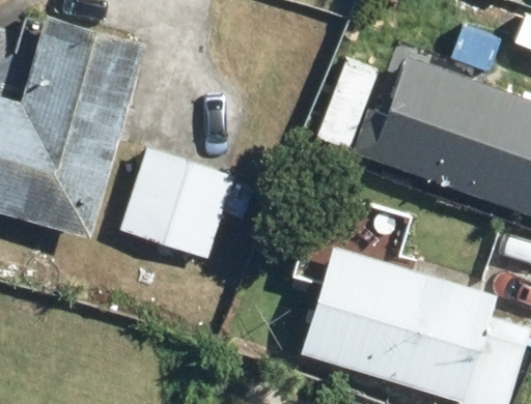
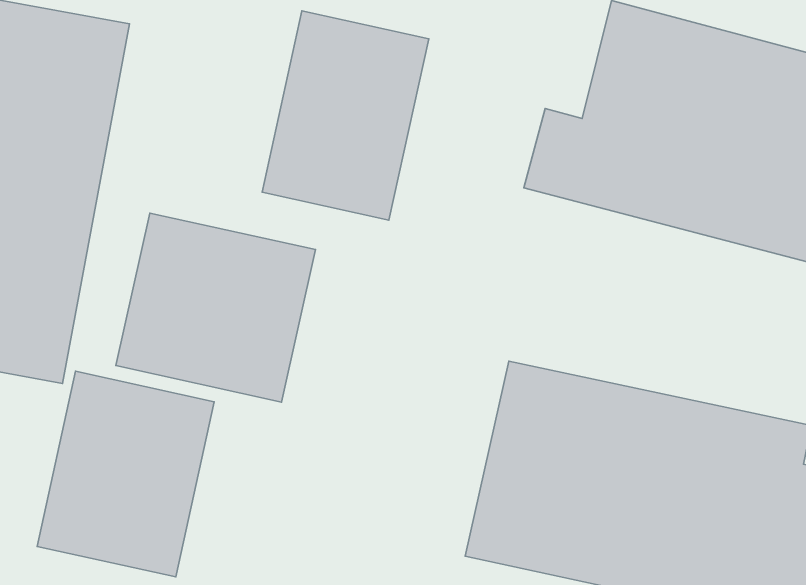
building: none -> [262,11,429,220]
building: none -> [37,371,214,577]

